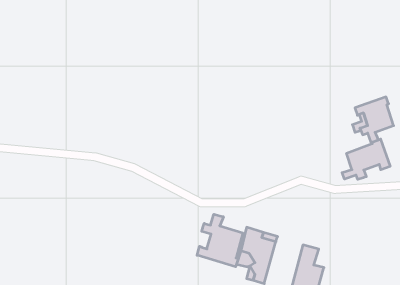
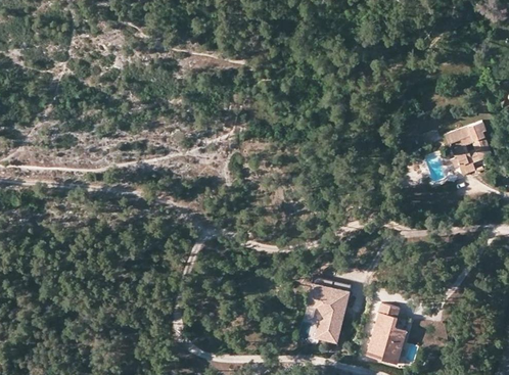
building: [342,139,390,179] -> none
building: [197,214,243,267] -> none

